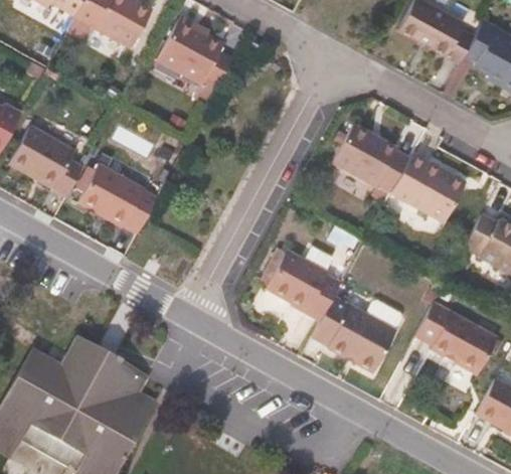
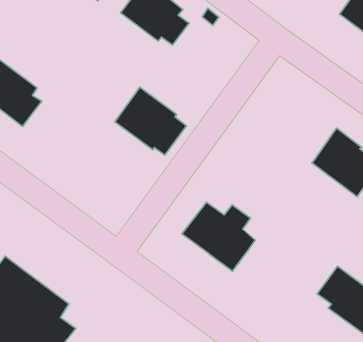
building: [331,123,408,189] -> none
building: [79,161,158,231] -> [115,87,187,155]
building: [310,297,401,374] -> none

